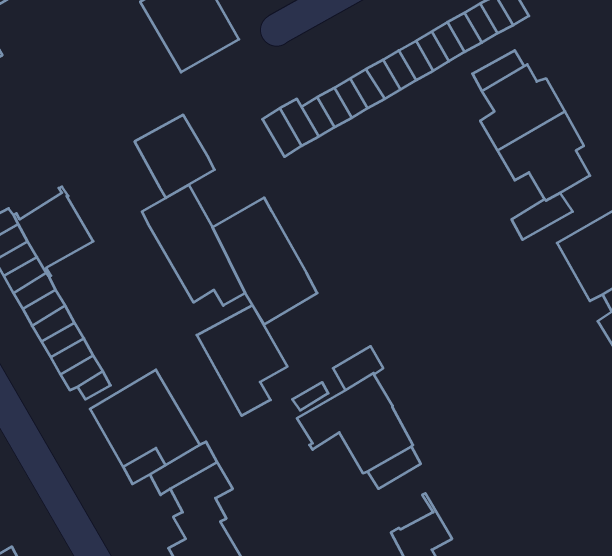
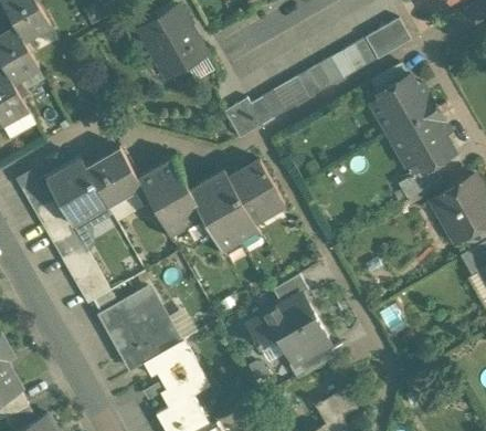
building: [135,115,215,198] -> [86,147,142,206]
building: none -> [230,158,285,220]
building: [197,305,287,416] -> none

